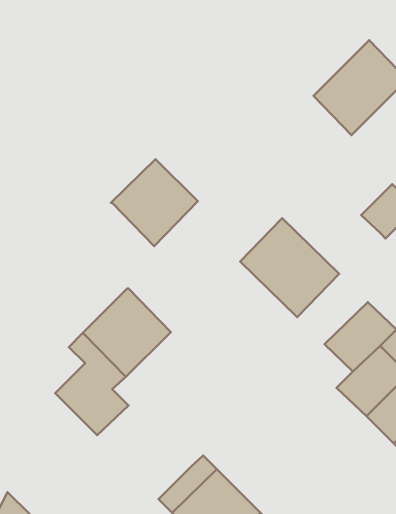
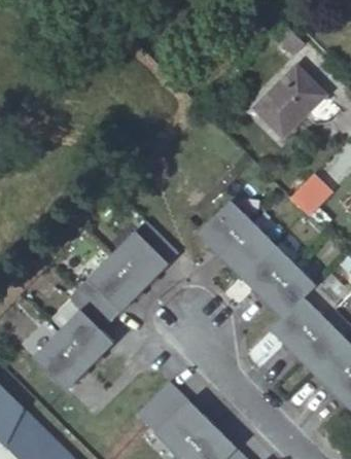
building: [111,159,198,246] -> [112,221,178,287]
building: none -> [241,243,294,296]
building: none -> [32,333,90,390]

